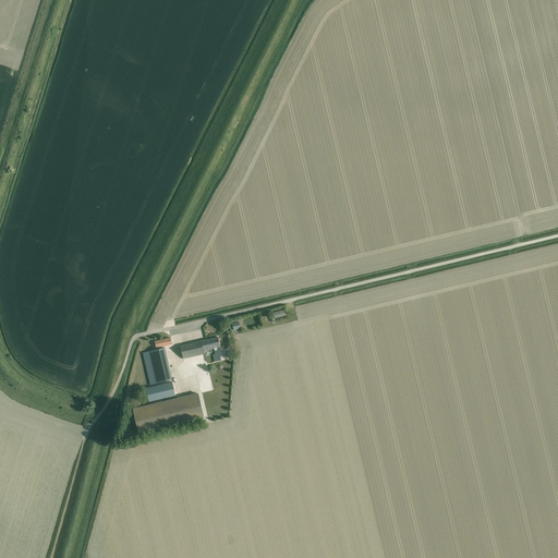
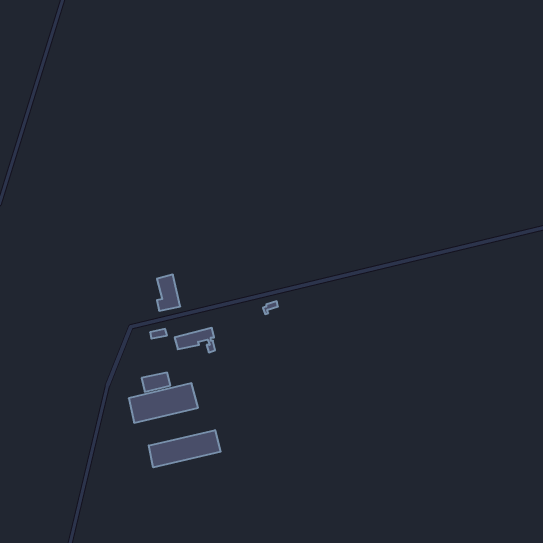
building: [147,347,171,384] -> [157,275,180,311]
building: none -> [149,430,221,467]

